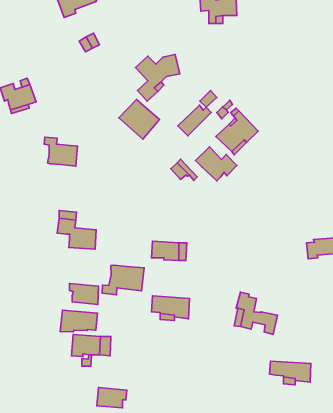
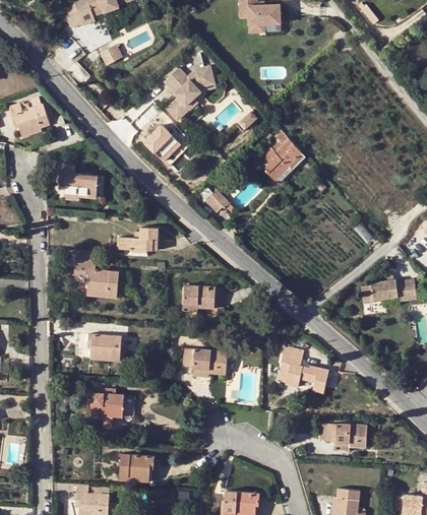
building: [178,105,211,136] -> none
building: [195,147,237,181] -> none
building: none -> [118,228,159,251]
building: [102,265,144,295] -> none
building: [60,310,98,332] -> none

